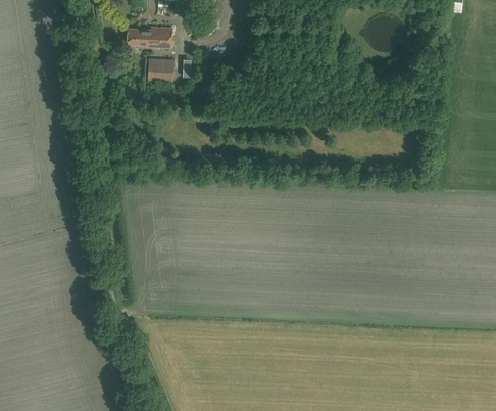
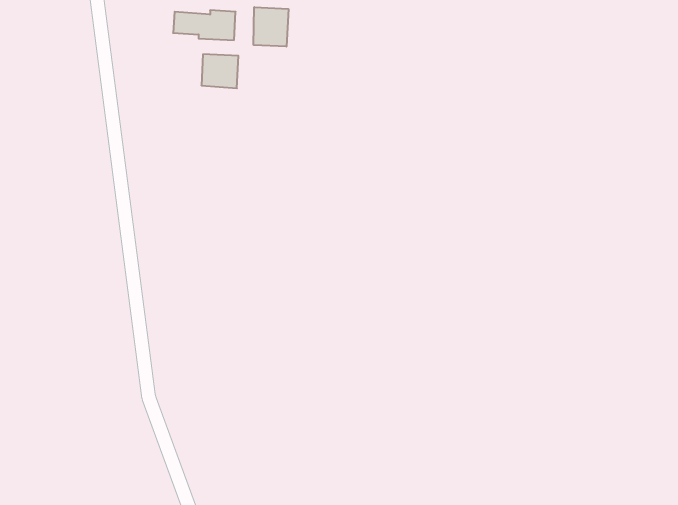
building: none -> [254,7,288,47]

